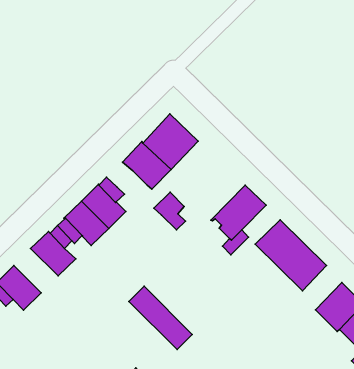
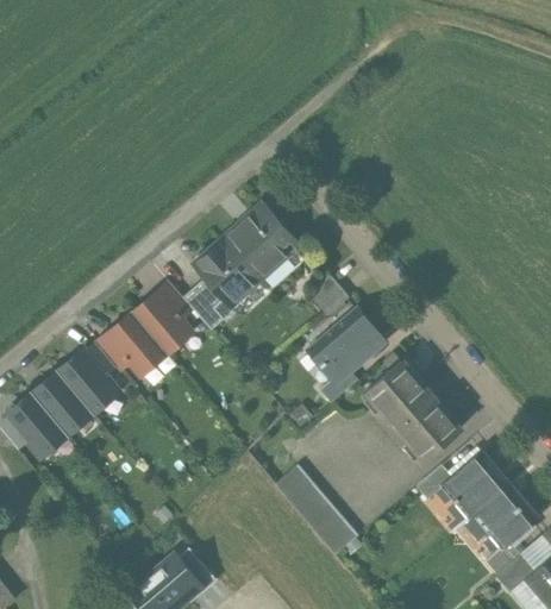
building: none -> [309,276,349,315]
building: [154,192,185,230] -> [182,277,224,329]
building: none -> [32,372,92,434]
building: [129,286,192,350] -> [274,465,357,555]

